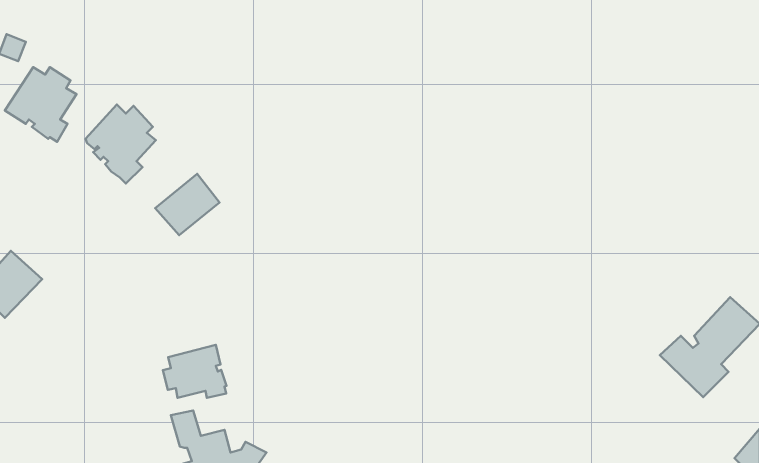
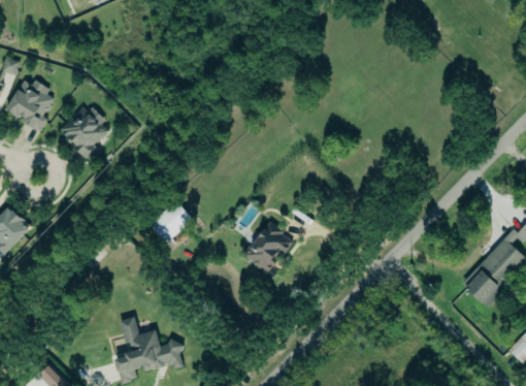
building: [155,174,219,235] -> [147,200,192,243]
building: none -> [242,222,293,279]
building: [163,345,226,398] -> none

